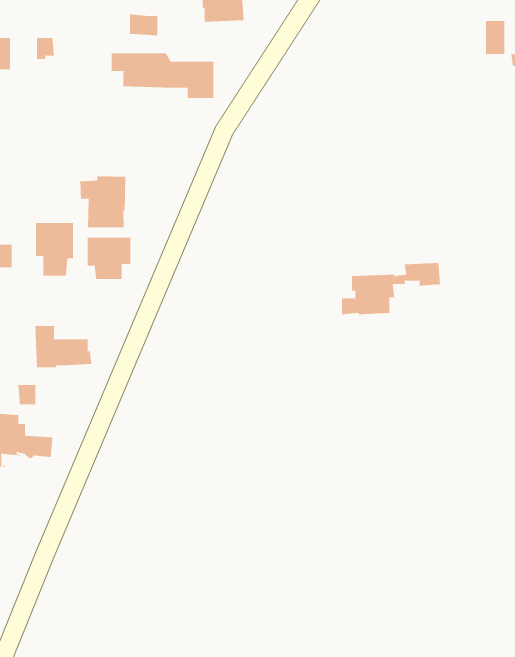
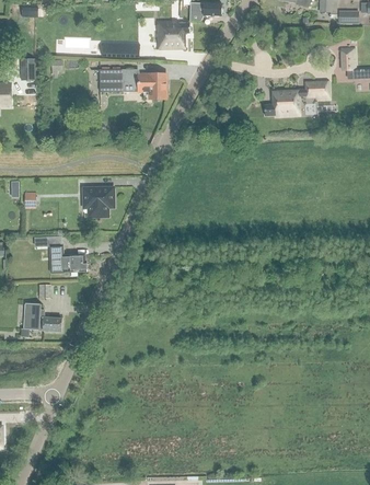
building: [80,176,126,228] -> none
building: [35,222,74,276] -> none
building: [341,262,441,315] -> [264,81,328,115]

